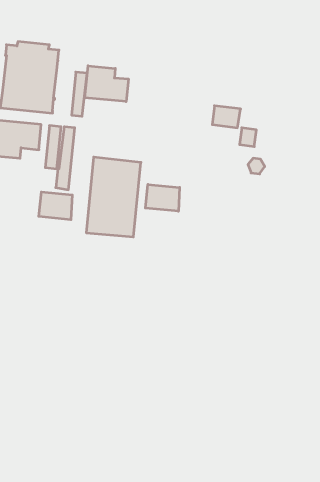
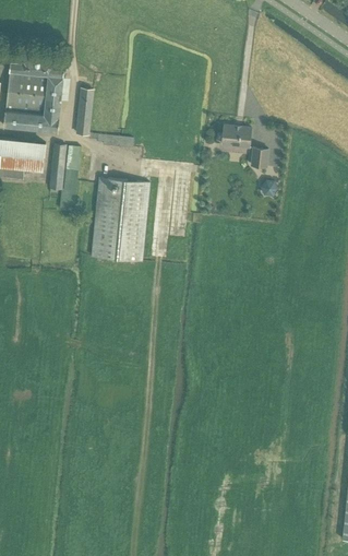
building: [85,66,128,102] -> none
building: [145,184,180,211] -> none
building: [39,192,72,220] -> none

